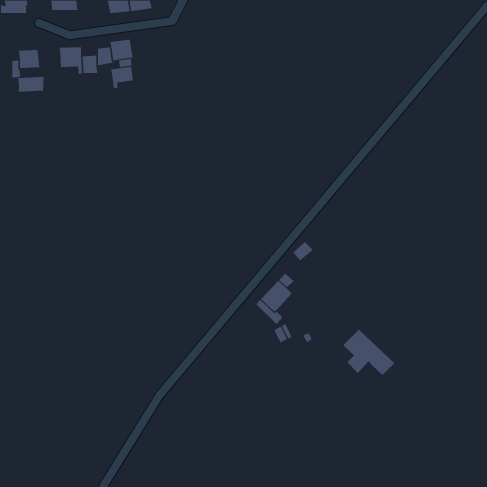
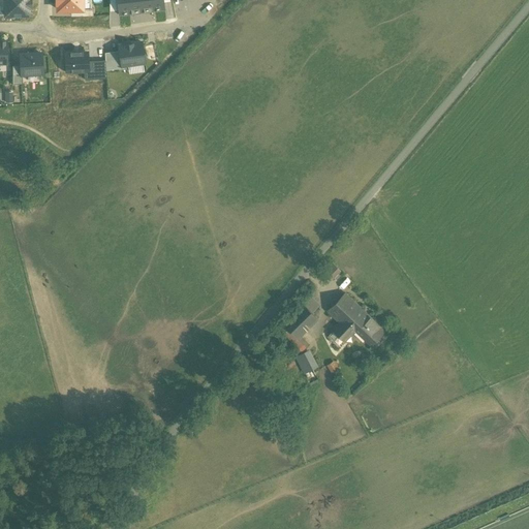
building: [110,66,133,89] -> none
building: [17,76,44,92] -> none
building: [343,329,395,376] -> [328,293,384,344]

